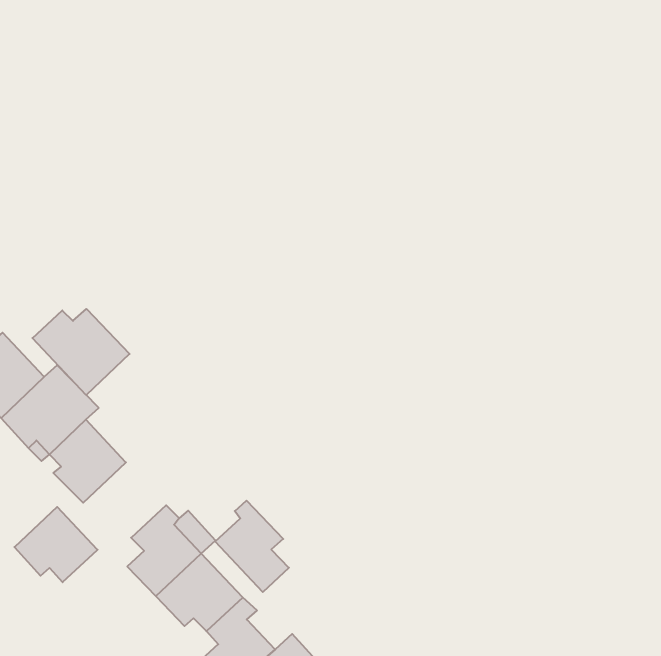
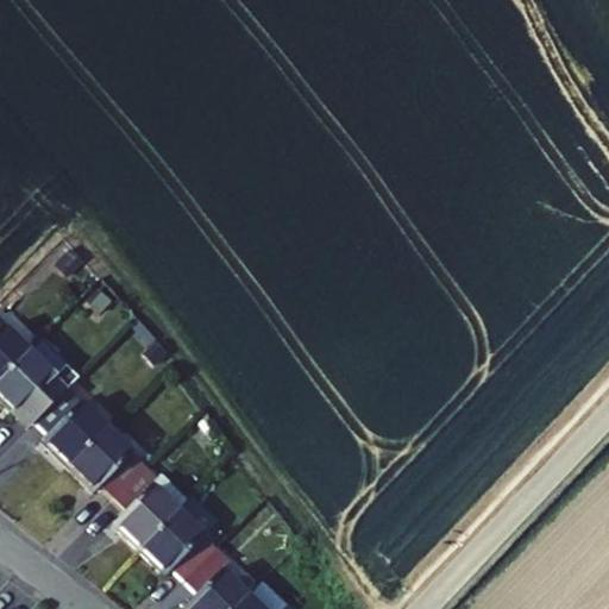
building: [32,309,130,395] -> none
building: [215,501,289,592] -> none
building: [14,507,98,582] -> [76,431,152,500]

